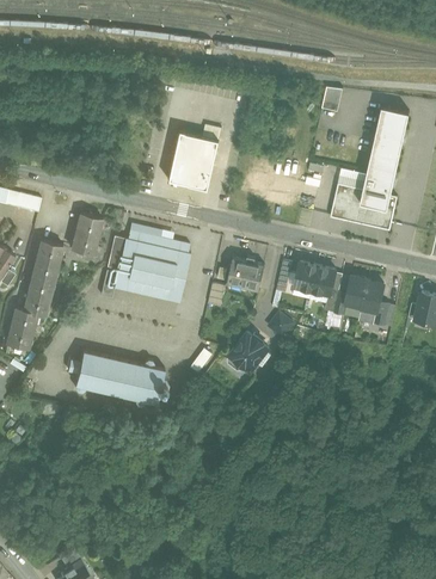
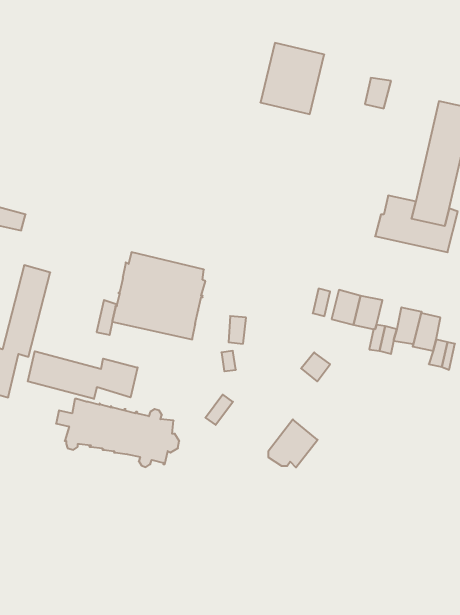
building: [166,131,219,190] -> [260,43,324,114]
building: [70,214,102,254] -> none
building: [227,257,264,290] -> none
building: none -> [28,351,138,399]
building: [227,332,268,371] -> [268,419,318,467]

